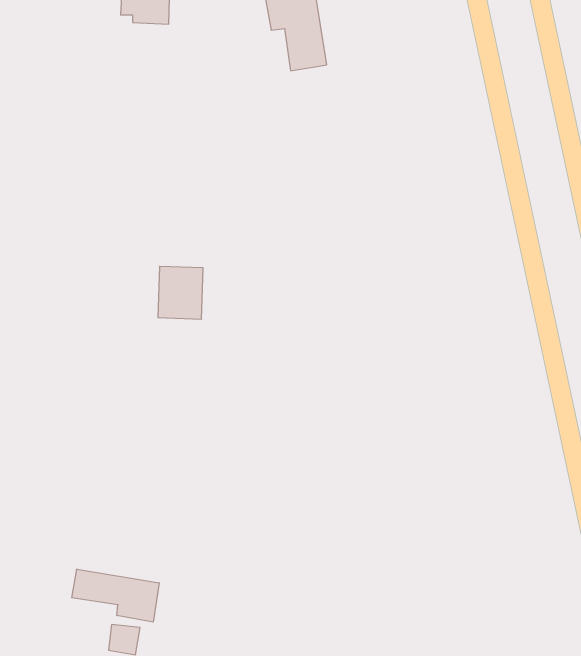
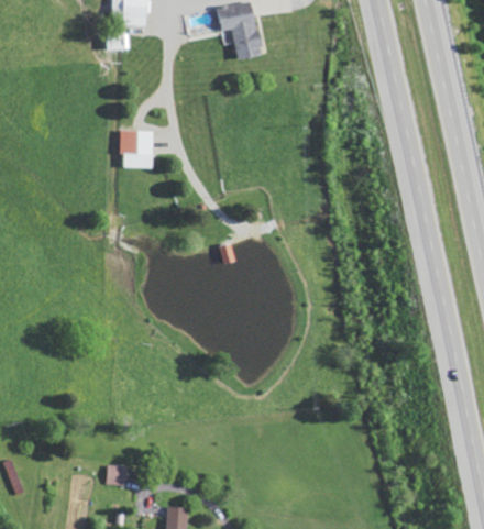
building: [158,266,203,319] -> [121,131,154,169]
building: [72,569,159,622] -> none

